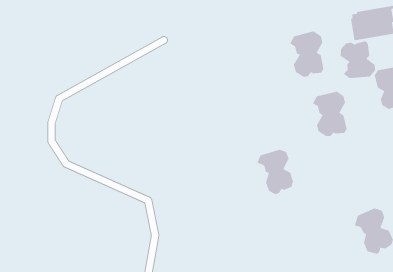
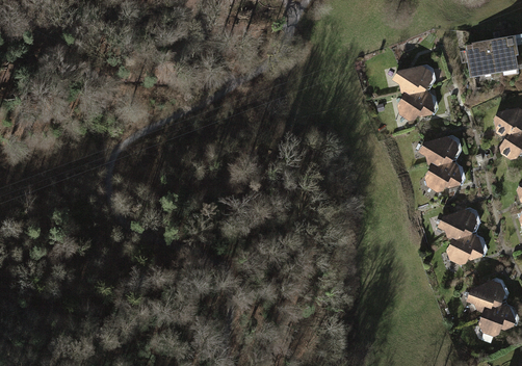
building: [340,41,376,79] -> none
building: [256,149,294,195] -> [439,206,484,261]

